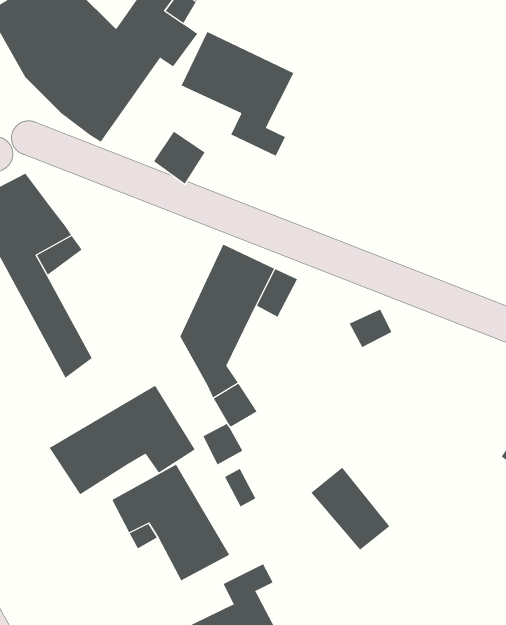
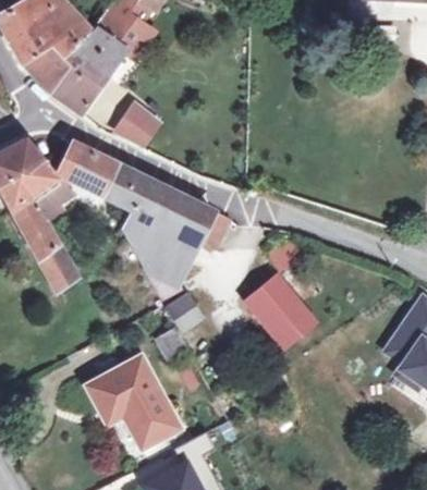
building: [181,31,294,156] -> none
building: none -> [58,143,173,260]
building: [49,385,196,495] -> none
building: [311,467,390,551] -> [248,279,308,342]

